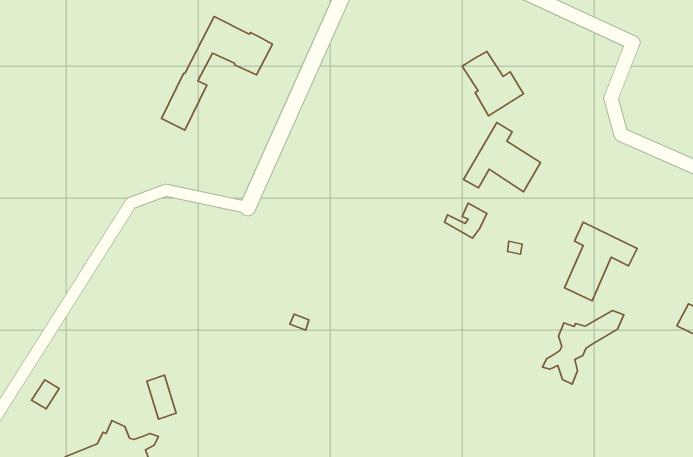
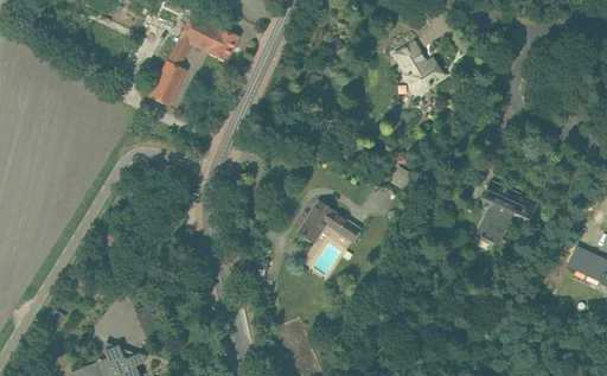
building: [464,122,541,192] -> none
building: none -> [299,202,359,243]
building: [543,310,624,384] -> none

